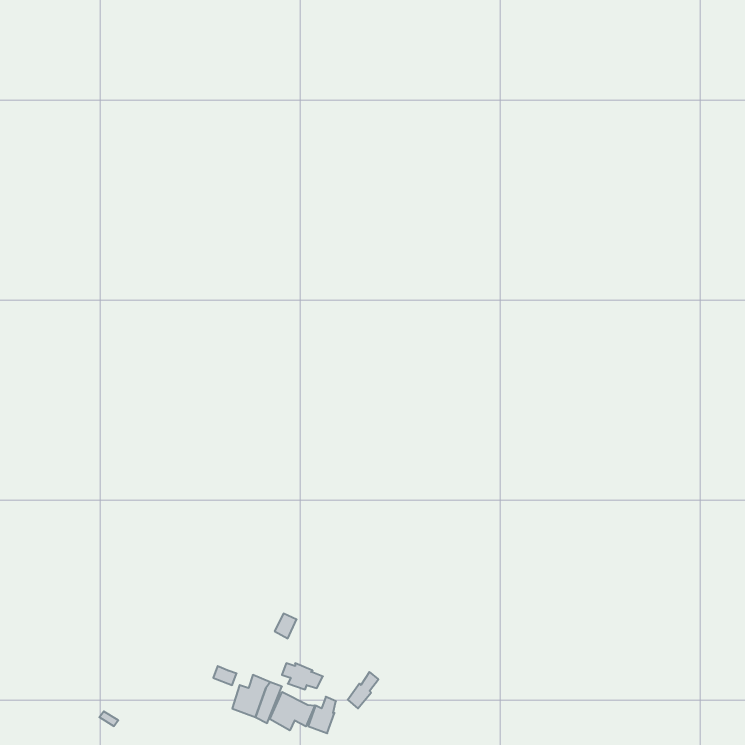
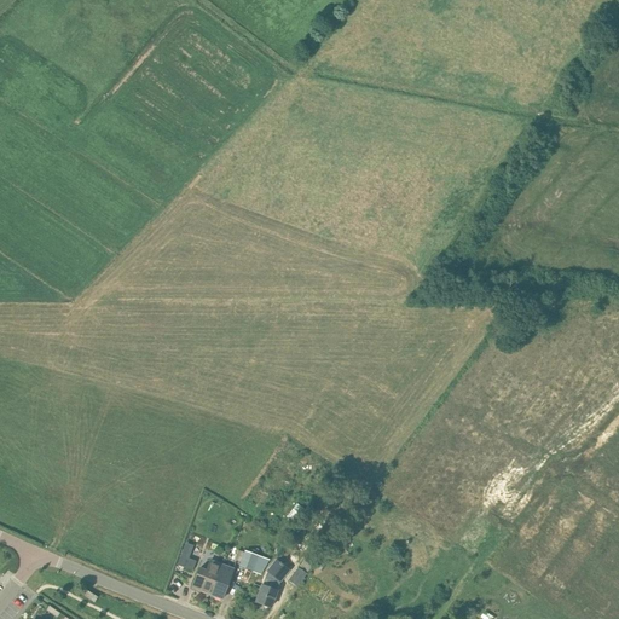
building: [270,692,315,730] -> none

